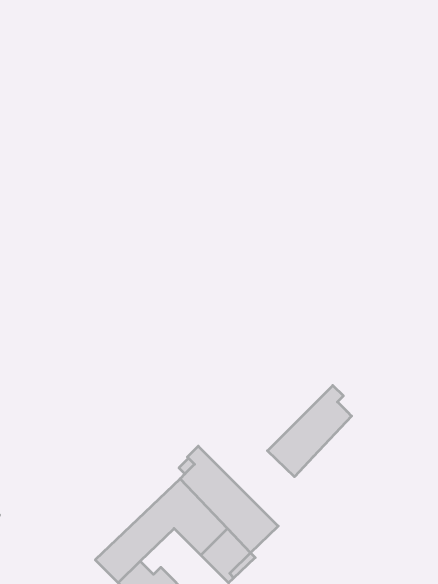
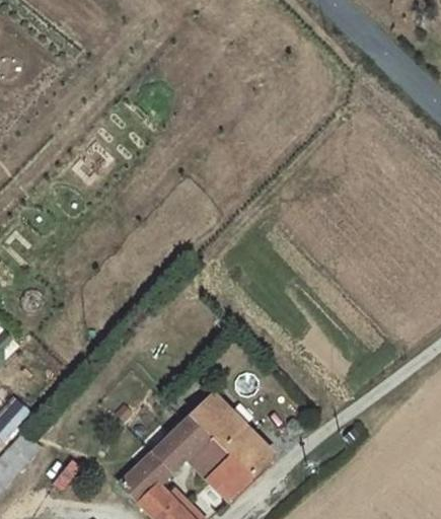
building: [267,385,352,477] -> none

